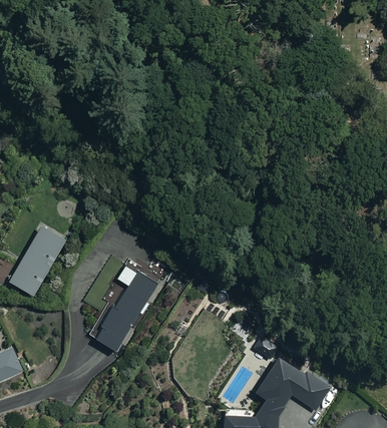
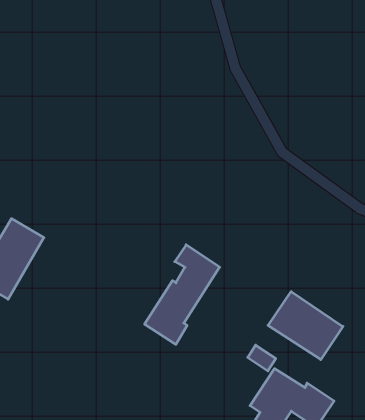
building: [90,264,157,353] -> [145,245,220,344]
building: none -> [268,292,343,360]

